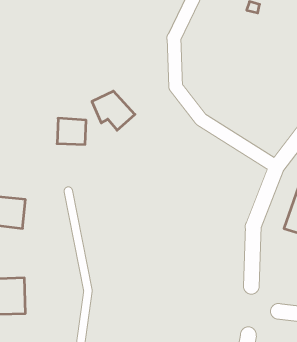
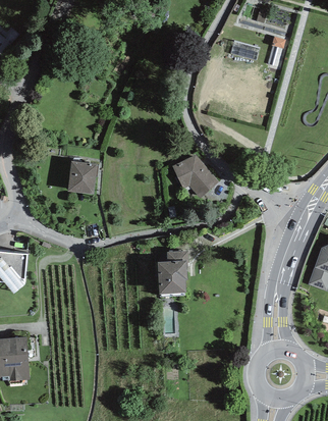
building: [92,91,135,130] -> [170,154,217,197]
building: none -> [158,251,187,293]

